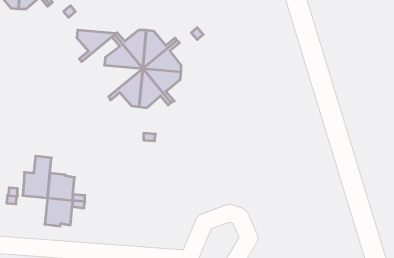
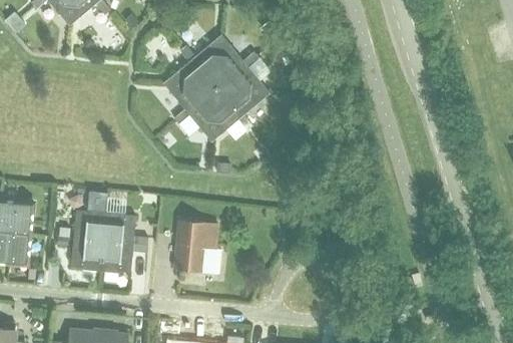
building: [77,30,116,62] -> [169,83,215,120]
building: none -> [175,219,221,273]
building: none -> [71,237,103,271]

